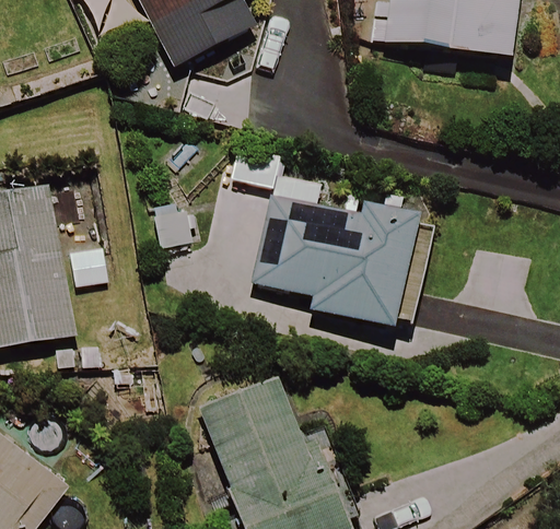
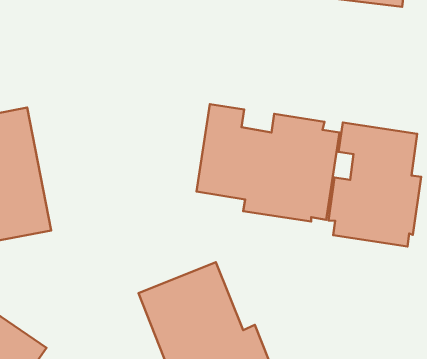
building: none -> [328,123,421,247]

